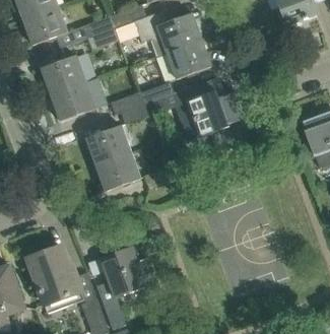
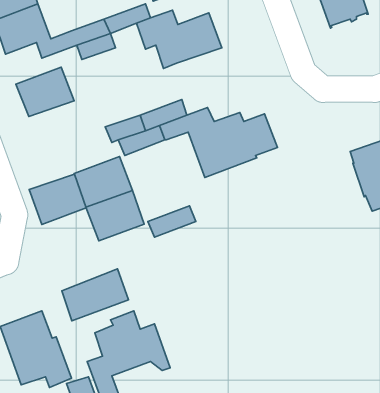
building: [166,40,210,79] -> none
building: [50,81,94,121] -> [29,174,86,225]
building: none -> [62,269,128,321]

